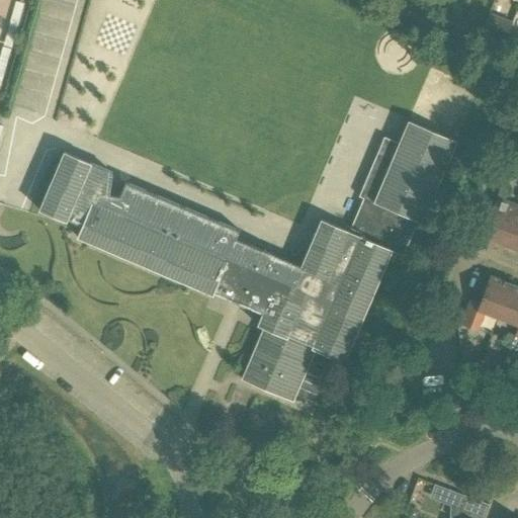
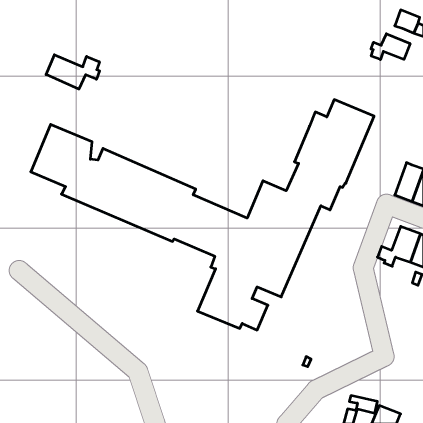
building: none -> [371,34,410,60]
building: none -> [46,55,100,89]

